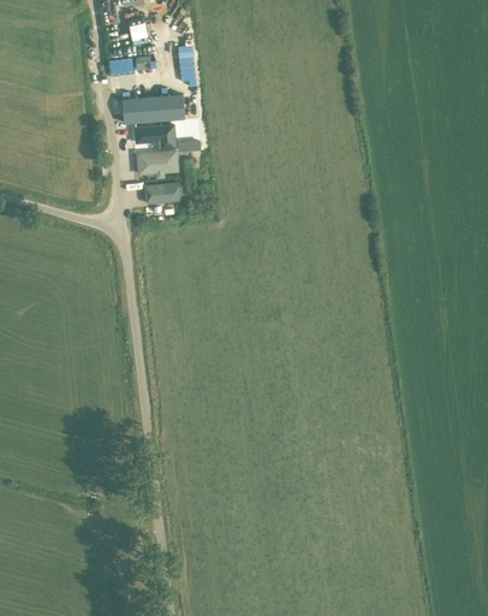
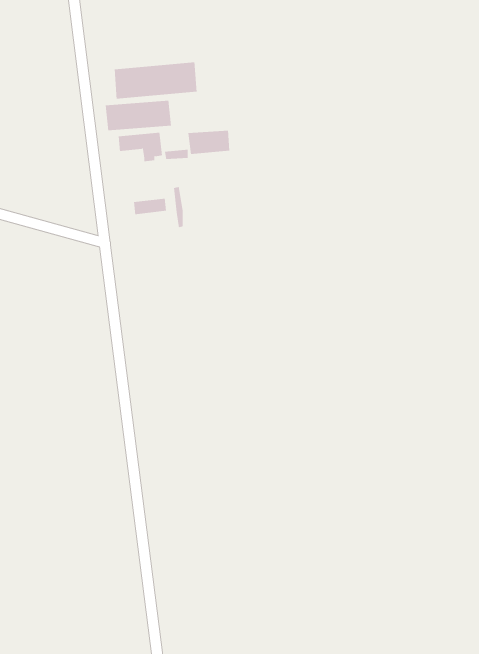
building: none -> [114,61,197,99]
building: [138,153,178,176] -> [188,130,230,155]

